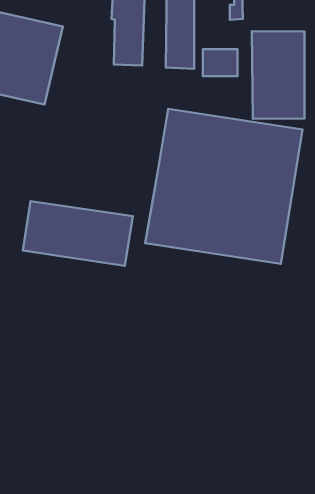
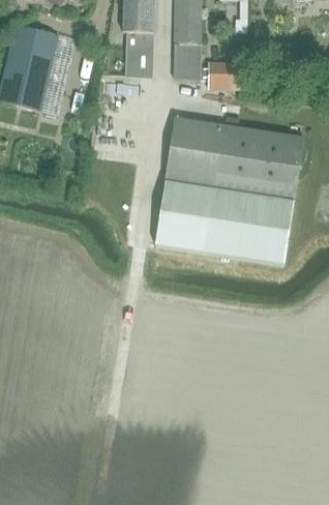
building: [252,31,305,119] -> none
building: [23,201,133,266] -> none

